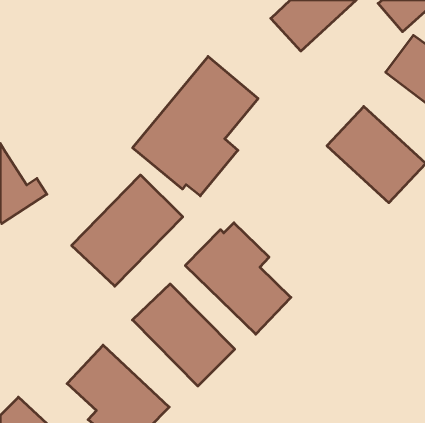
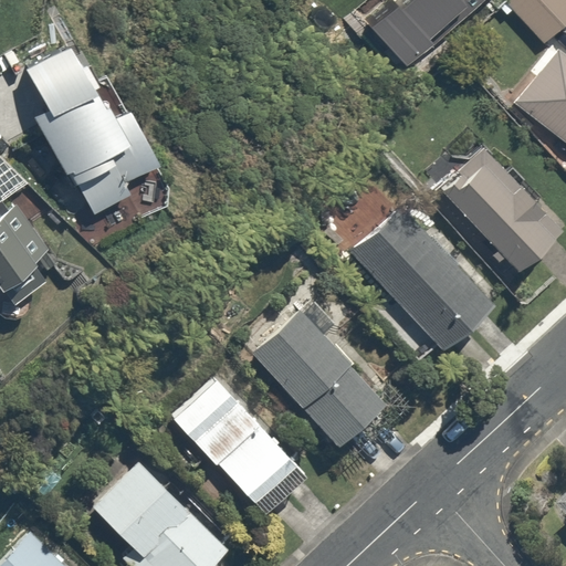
building: none -> [24,44,163,219]
building: [133,56,258,196] -> none
building: none -> [346,207,494,345]
building: [72,175,183,286] -> none

